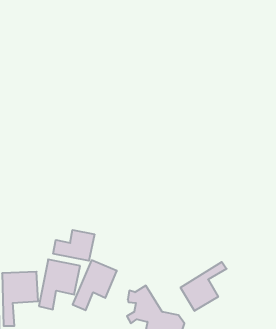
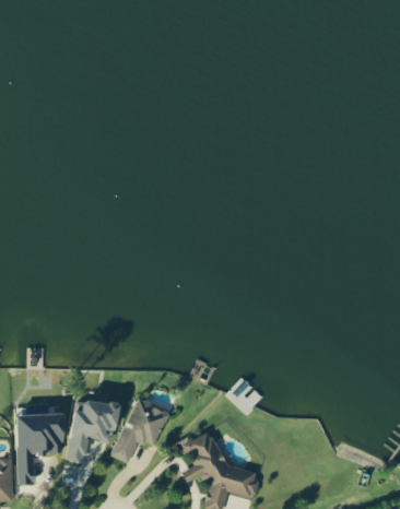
building: [53,230,94,261] -> none
building: [181,262,227,311] -> none

